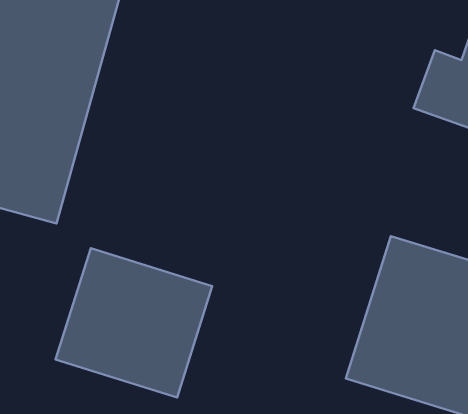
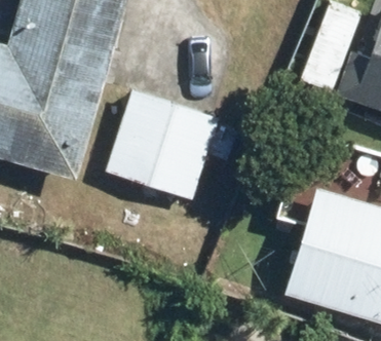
building: [56,248,212,398] -> [104,90,218,199]

